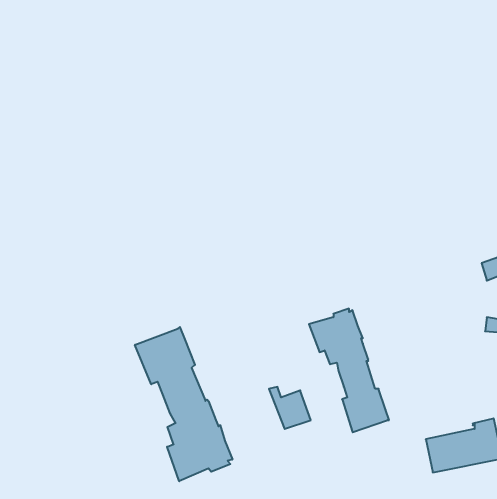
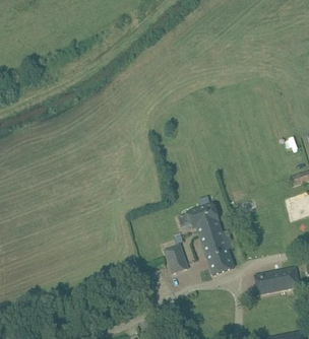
building: [135,327,232,481] -> none

